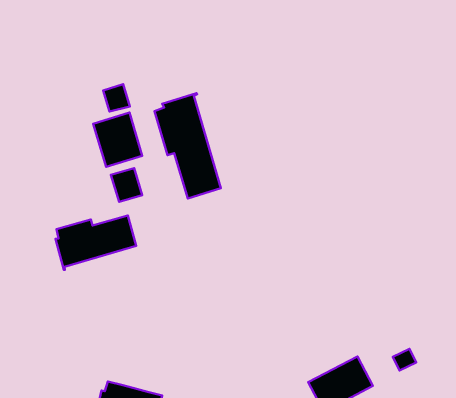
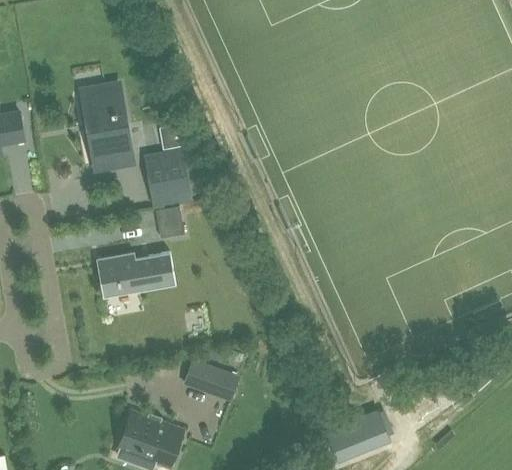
building: none -> [84,91,132,164]
building: [154,93,221,199] -> none
building: none -> [185,363,238,400]

